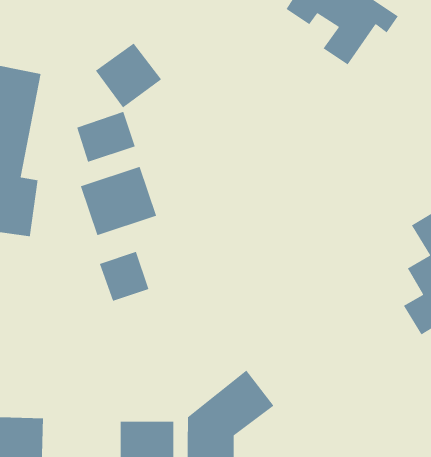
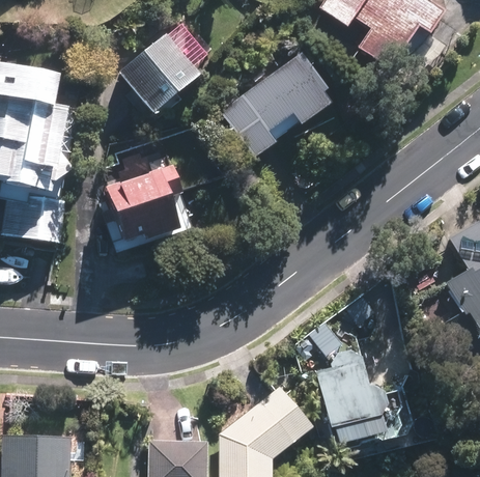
building: none -> [225,65,327,158]
building: [76,111,136,163] -> none
building: [99,251,150,302] -> none
building: none -> [316,355,400,446]

